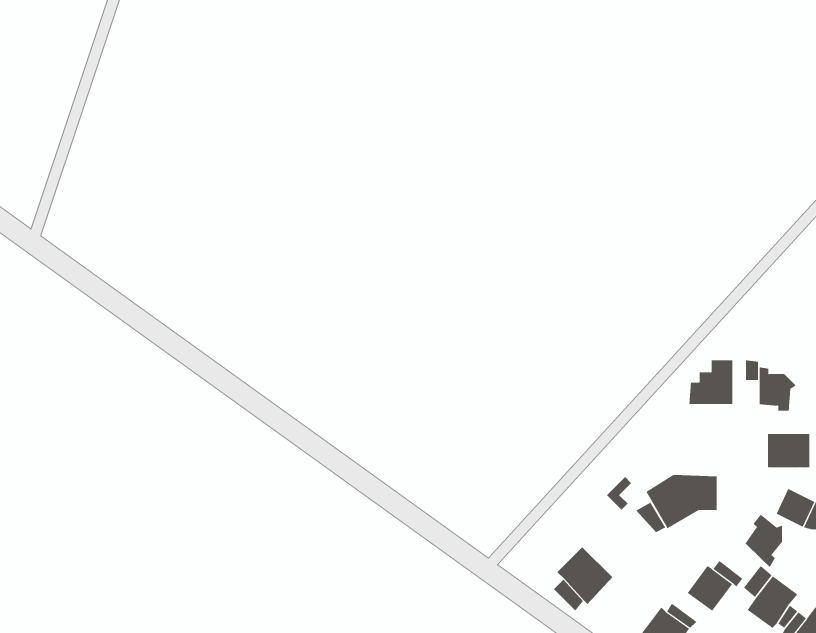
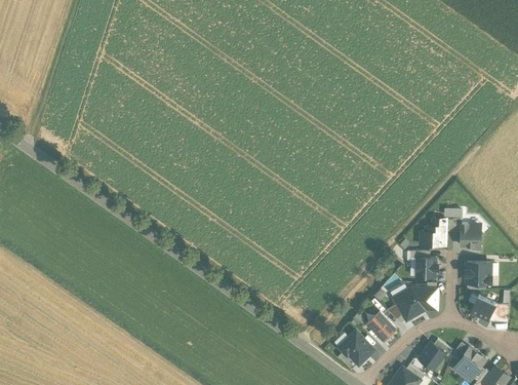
building: none -> [415,257,437,275]
building: [745,514,783,568] -> none
building: none -> [367,311,395,340]

